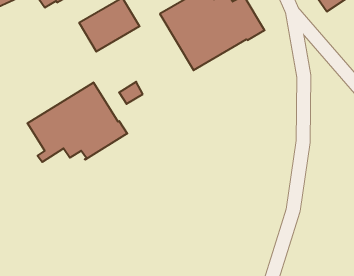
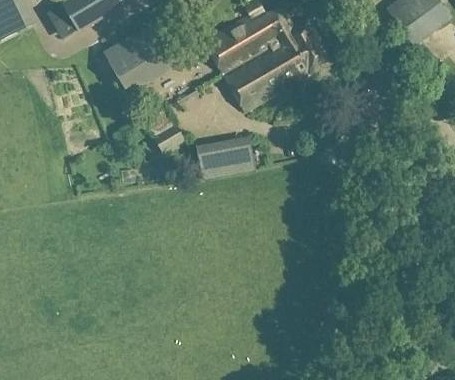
building: [27,82,127,162] -> none
building: none -> [196,138,253,177]

